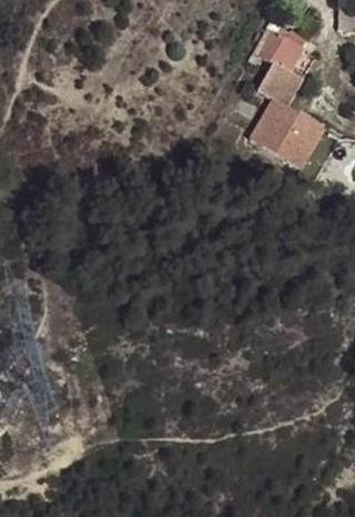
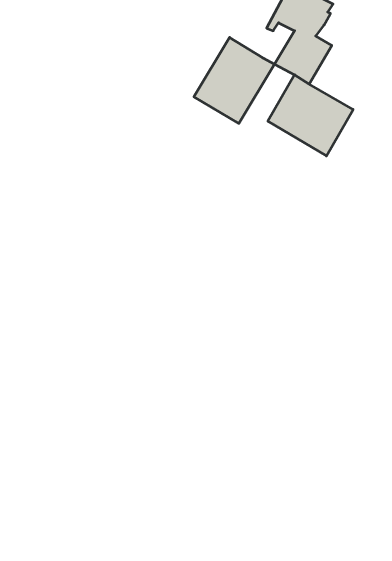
building: none -> [194,37,275,123]

